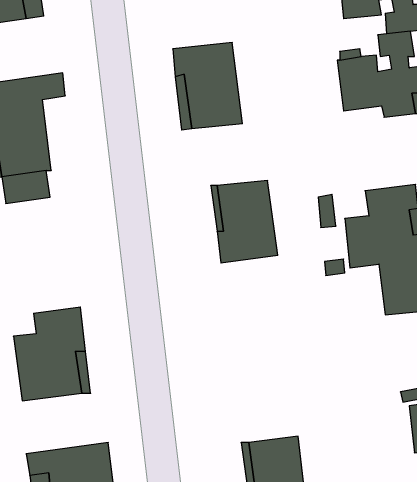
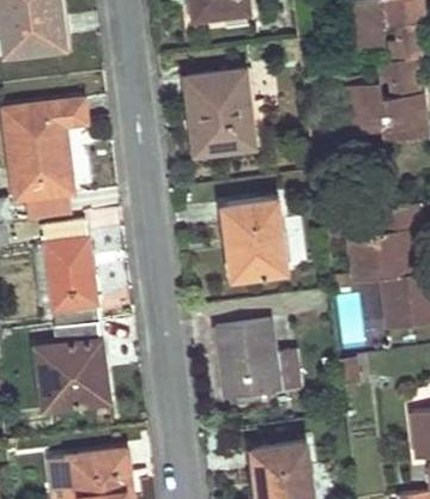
building: none -> [32,221,99,328]
building: none -> [213,322,301,408]

